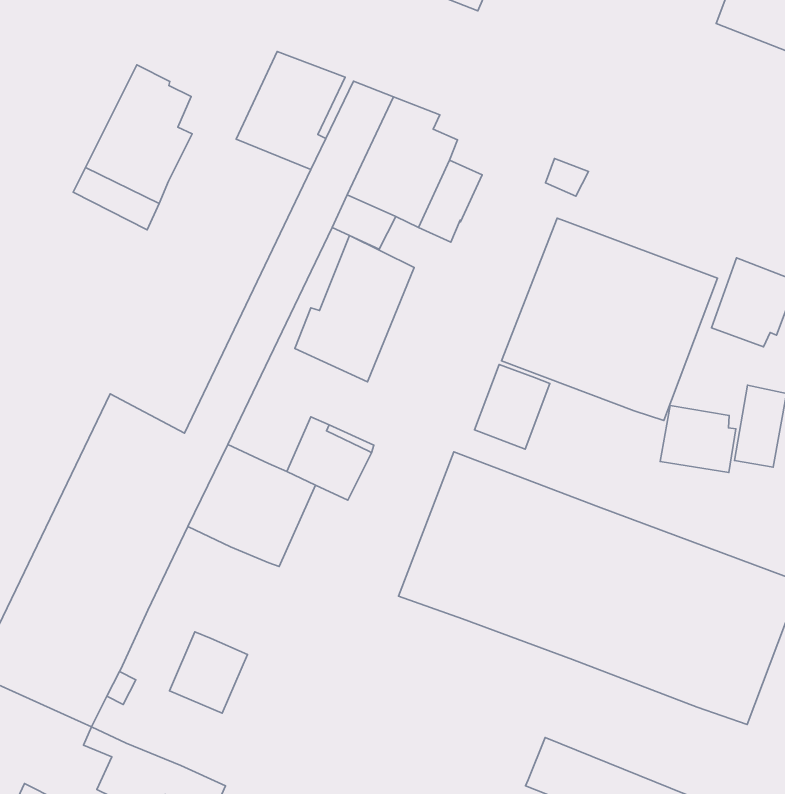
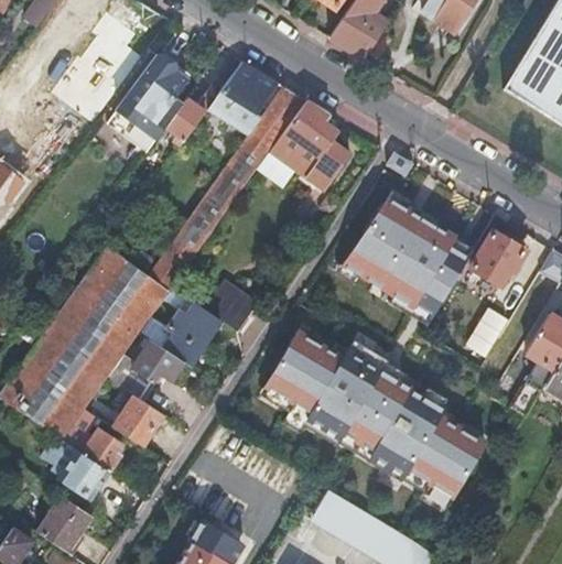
building: none -> [165,98,208,147]
building: [295,235,414,382] -> none
building: [475,364,550,449] -> none
building: [660,405,736,473] -> none
building: none -> [109,332,185,400]
building: none -> [83,427,123,471]

